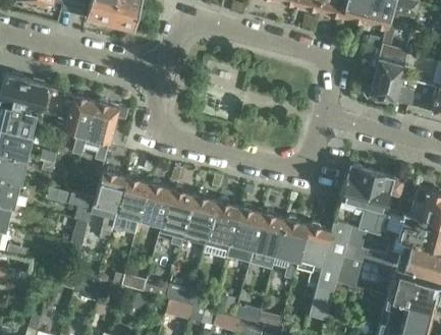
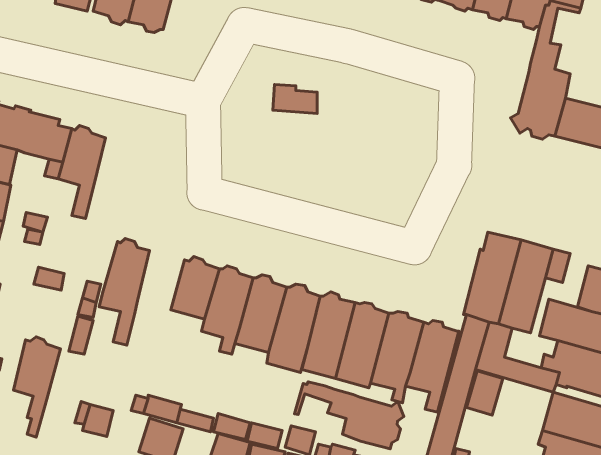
building: [87,101,119,164] -> none
building: [116,176,148,243] -> [13,337,61,437]
building: none -> [295,382,404,449]

